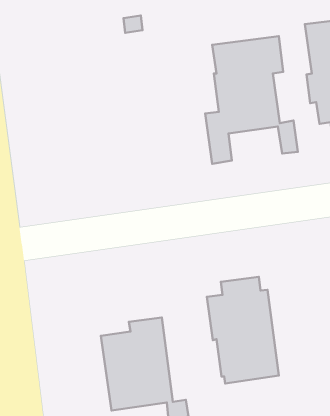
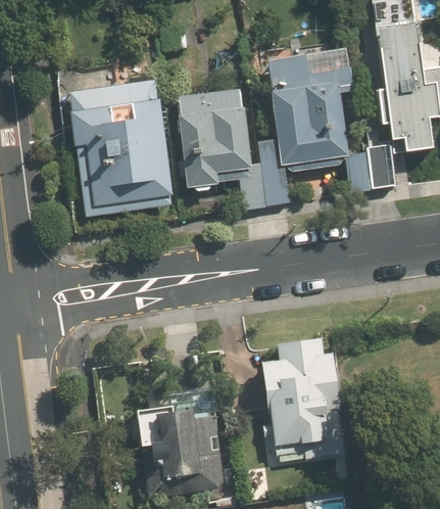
building: none -> [70,81,173,218]
building: none -> [179,90,266,202]

